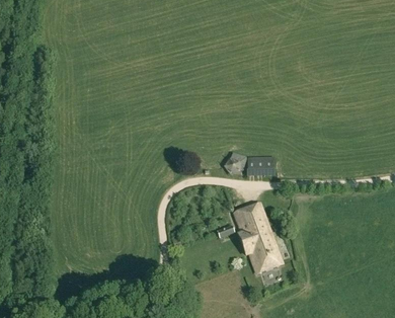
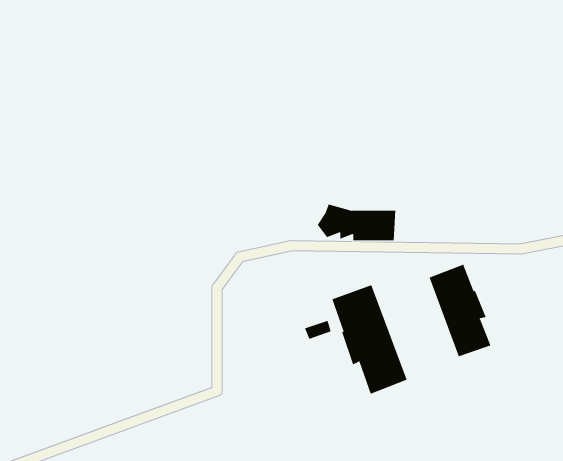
building: none -> [429,264,491,357]

